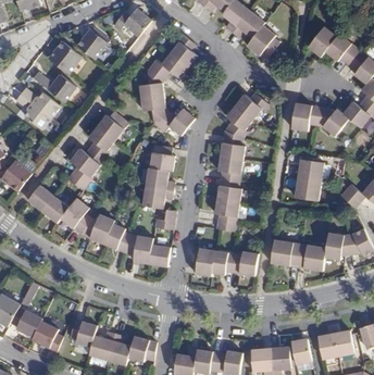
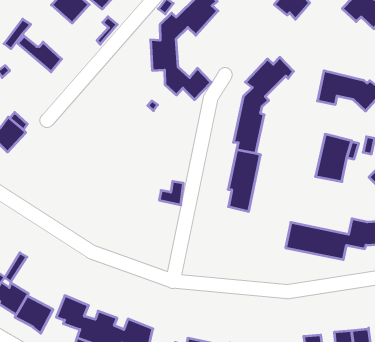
building: [33,72,76,102] -> none
building: [15,95,51,130] -> none
building: [66,111,128,191] -> none
building: [141,145,174,209] -> none
building: [27,185,171,266] -> none
building: [195,249,258,276] -> none

